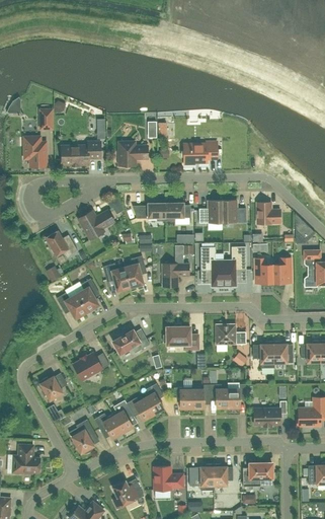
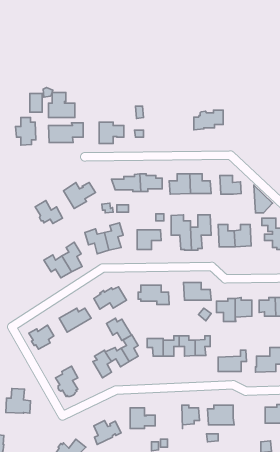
building: none -> [49,92,75,118]
building: [183,142,217,164] -> [194,110,223,130]
building: [94,413,123,438] -> [107,318,131,341]
building: [189,463,214,491] -> none

